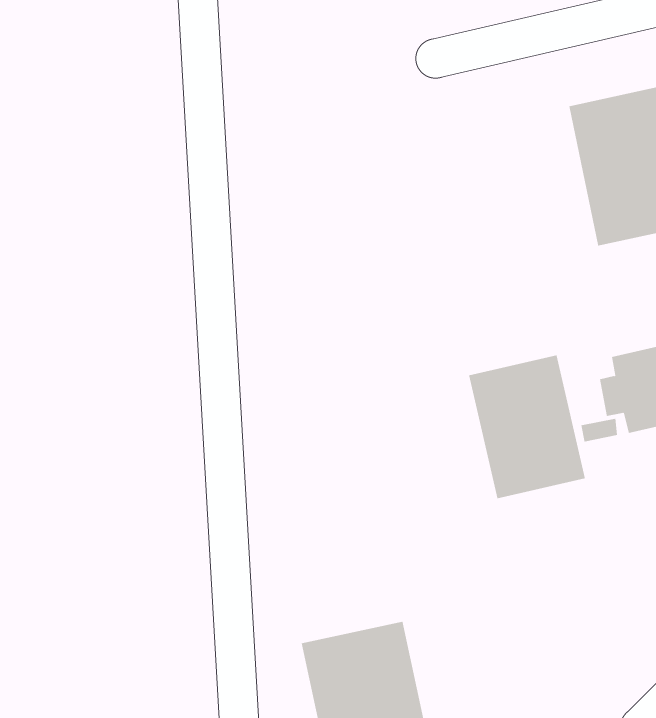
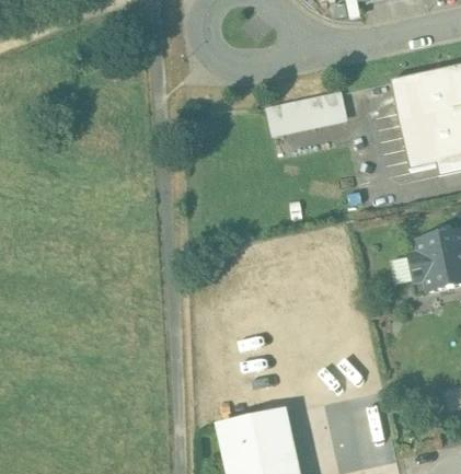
building: none -> [267,92,346,131]
building: [469,354,586,499] -> none

